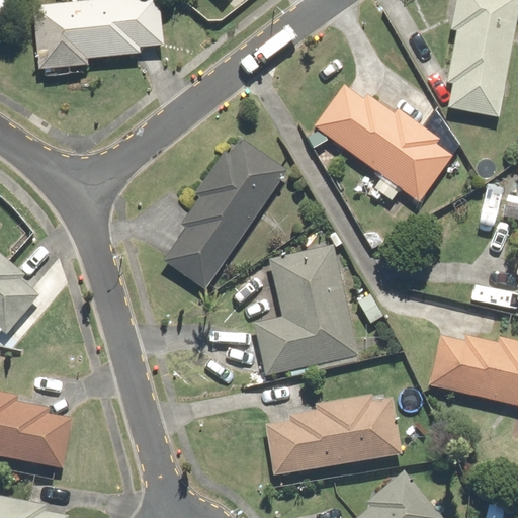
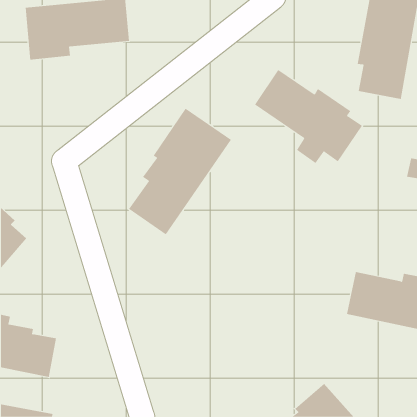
building: [258,242,358,375] -> none
building: [266,391,402,471] -> none

